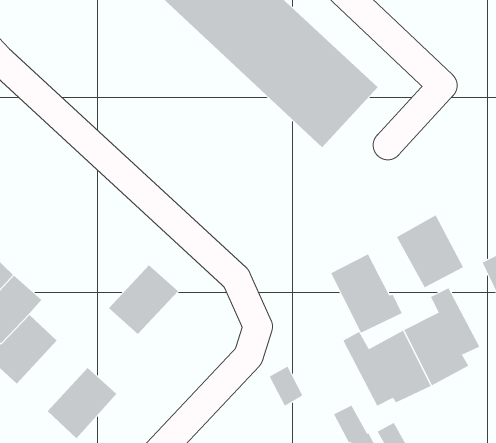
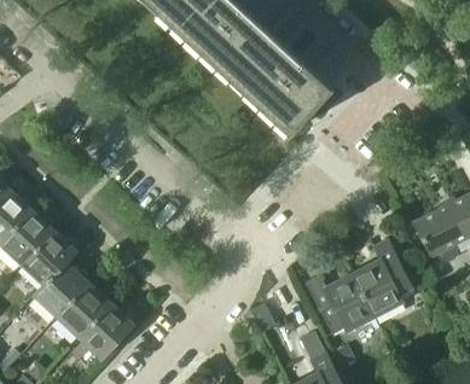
building: [396,215,464,288] -> none
building: [330,253,402,333] -> none
building: [108,264,179,335] -> [54,283,109,337]

